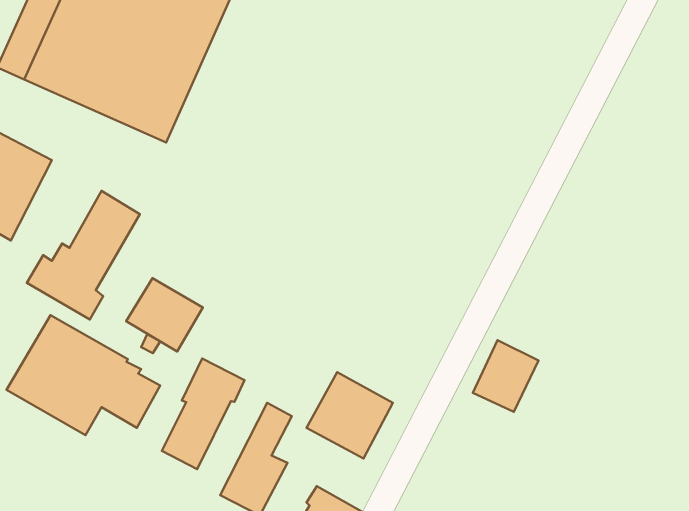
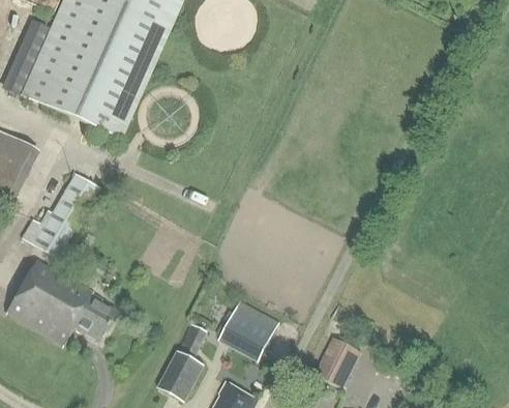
building: [126,278,203,352] -> none
building: [473,340,539,412] -> [316,337,362,387]
building: [162,359,245,469] -> none

